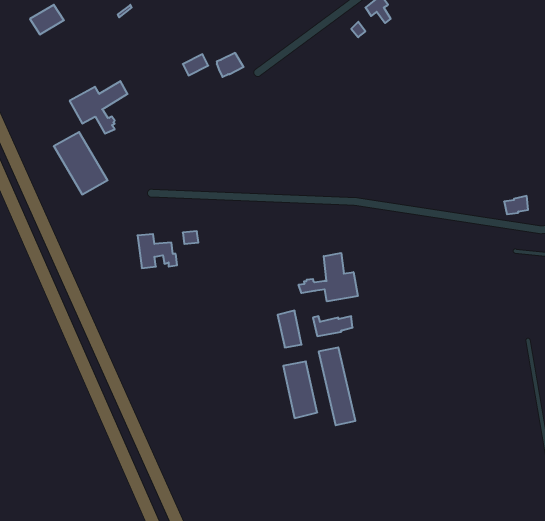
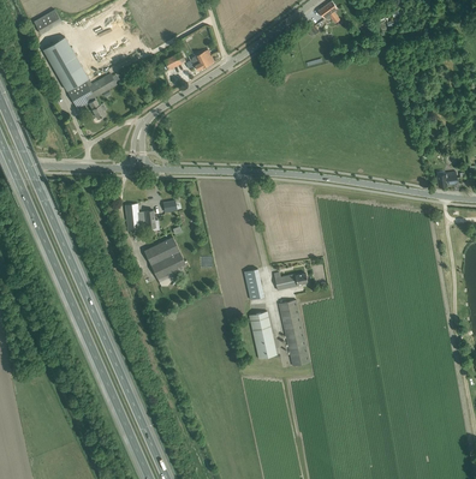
building: [54,132,108,194] -> [42,37,88,90]
building: [299,253,358,301] -> none
building: none -> [143,235,186,286]

